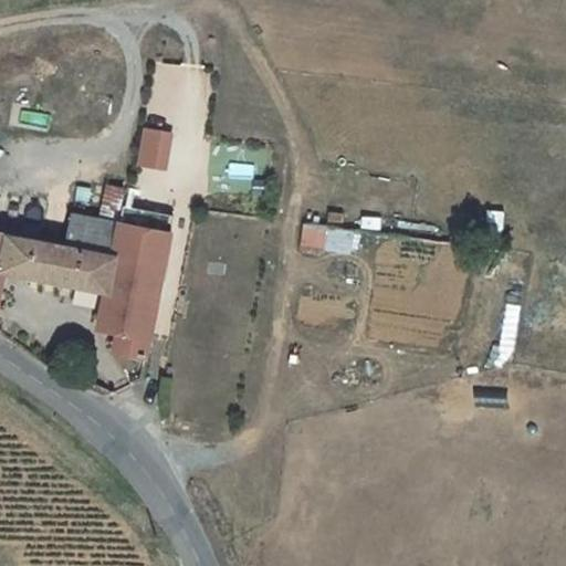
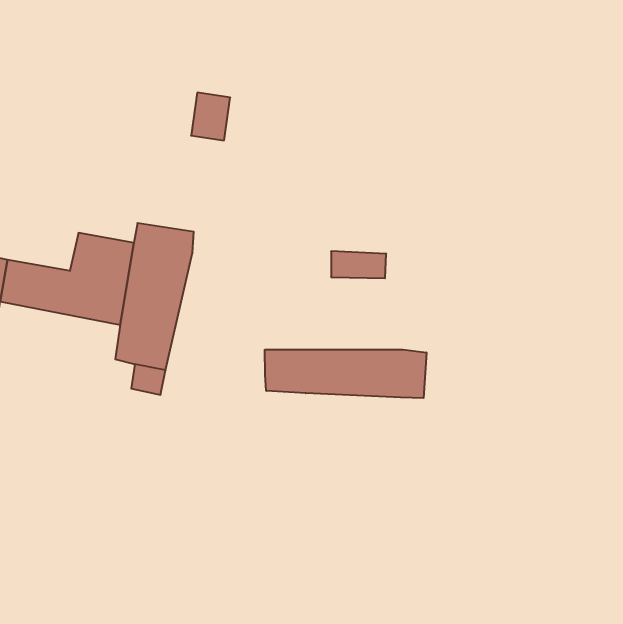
building: [135,129,170,172] -> [191,93,230,140]
building: none -> [265,350,426,398]

